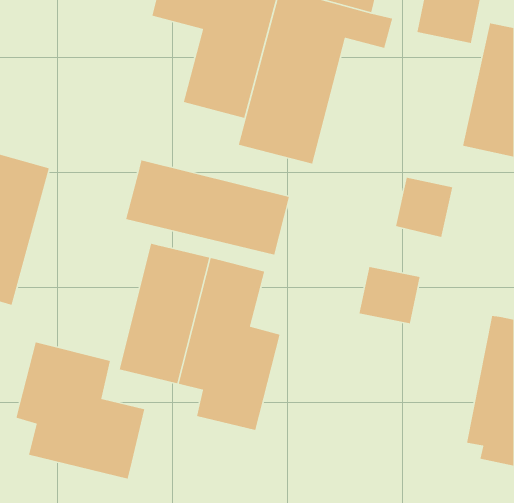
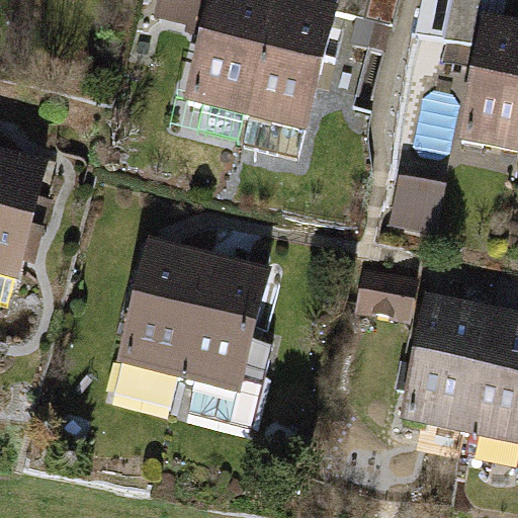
building: [125,159,290,256] -> none
building: none -> [405,301,490,441]
building: [15,342,145,480] -> none

